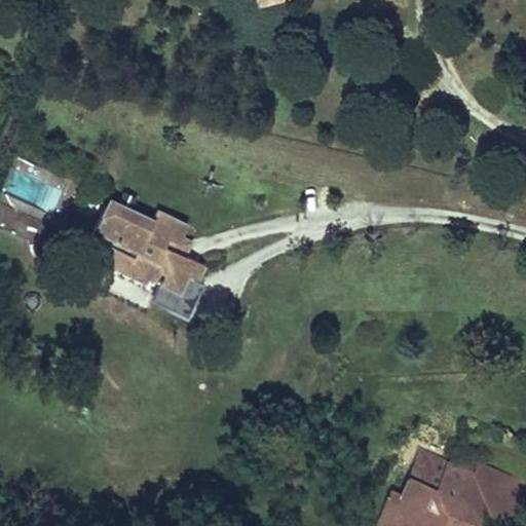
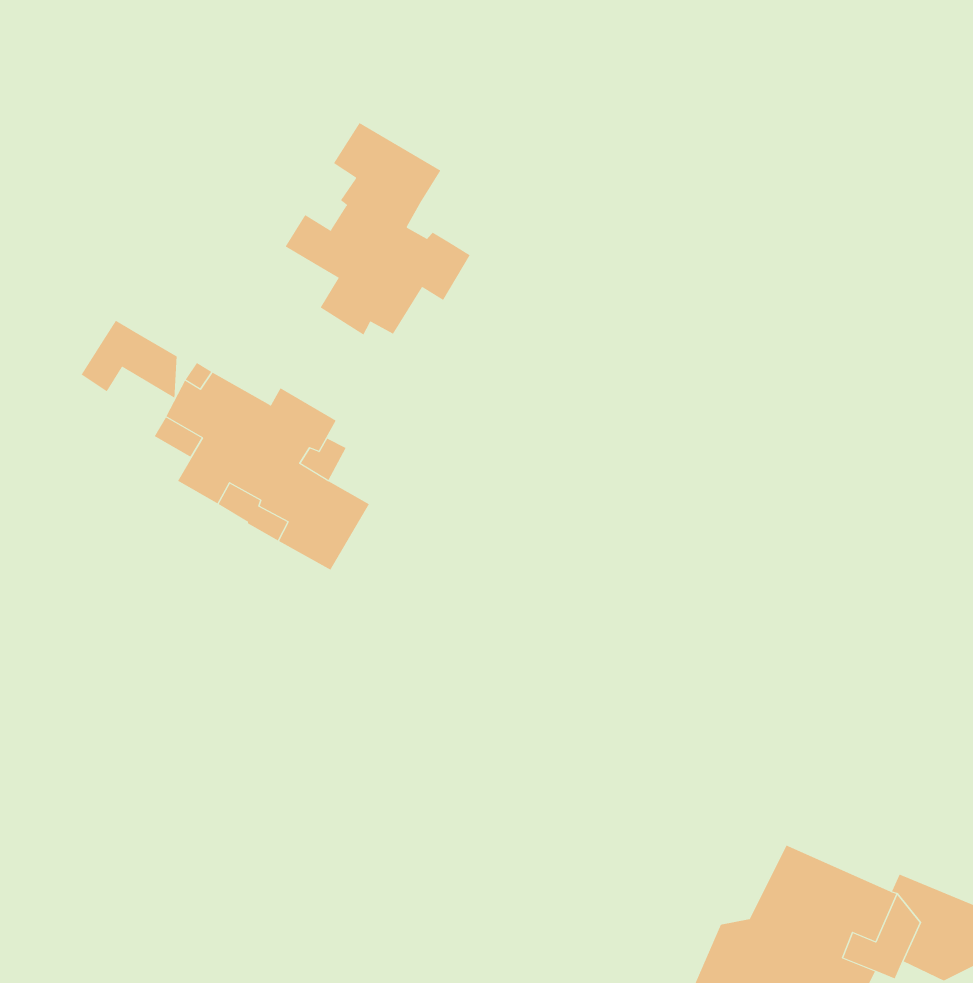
building: none -> [285,122,471,335]
building: none -> [81,320,177,399]

